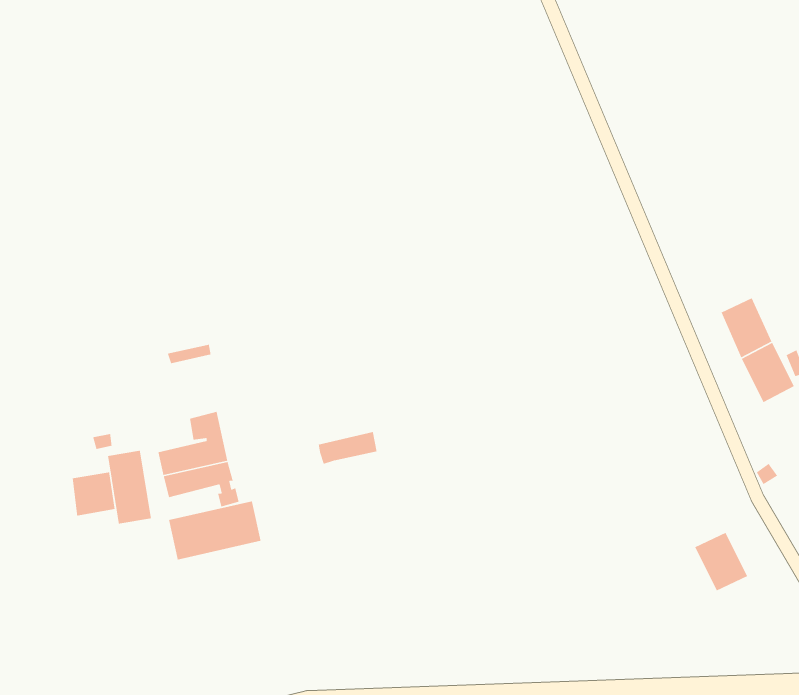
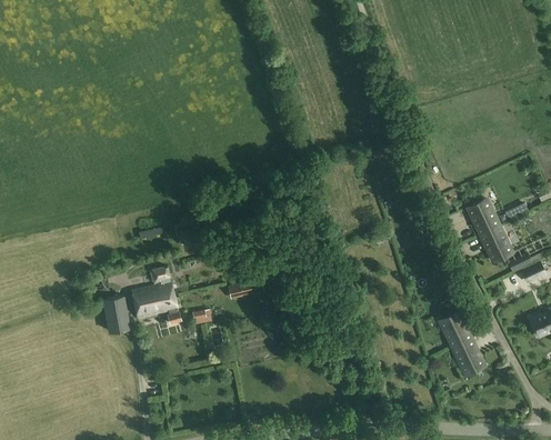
building: [72,472,116,517] -> none
building: none -> [439,312,471,348]
building: [168,500,262,560] -> none

